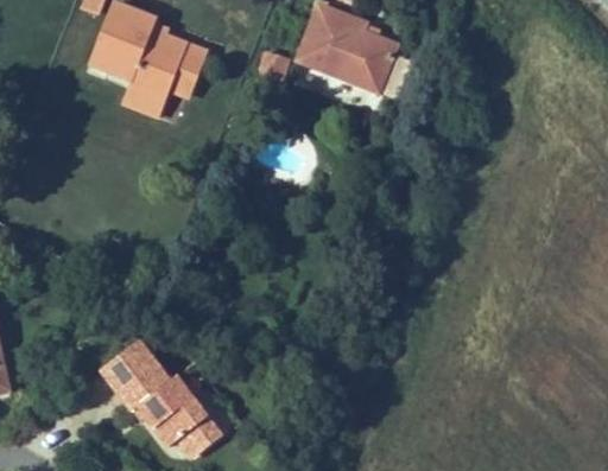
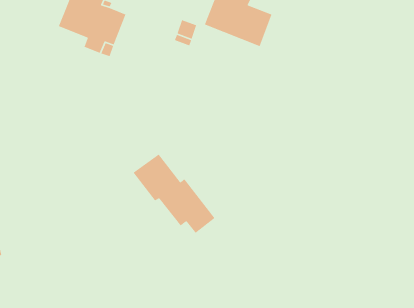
building: [102,342,221,457] -> [132,153,215,234]

